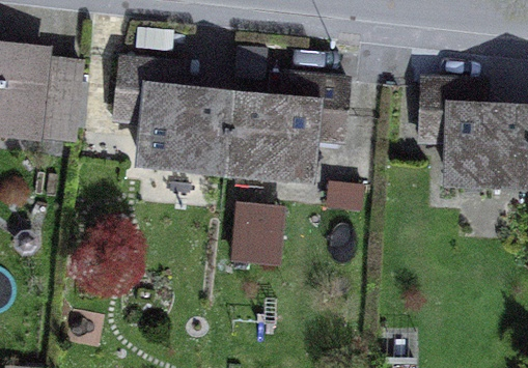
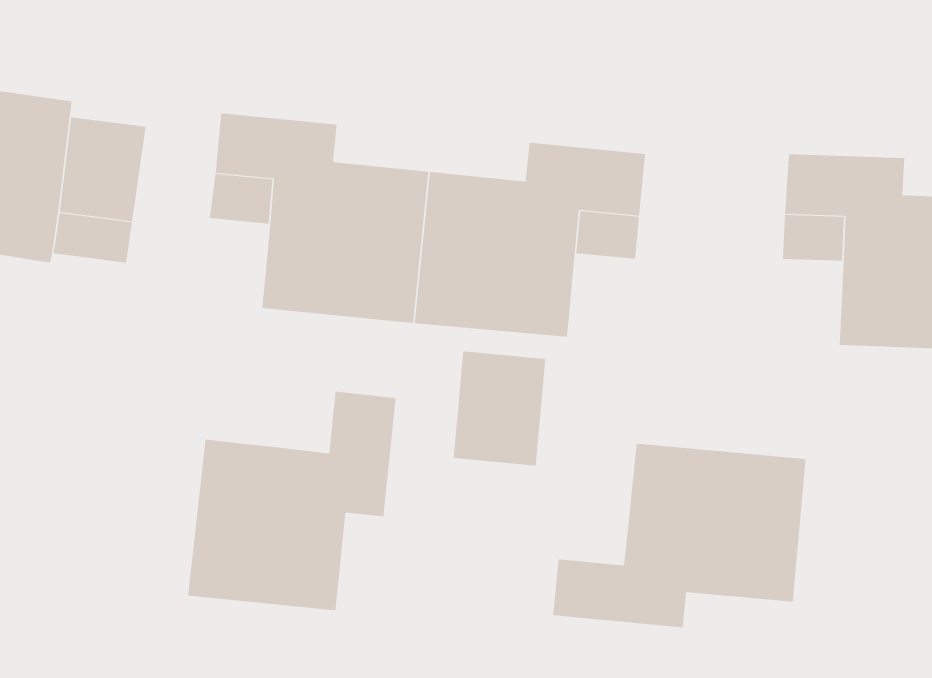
building: none -> [187,391,396,611]
building: none -> [553,443,806,628]

